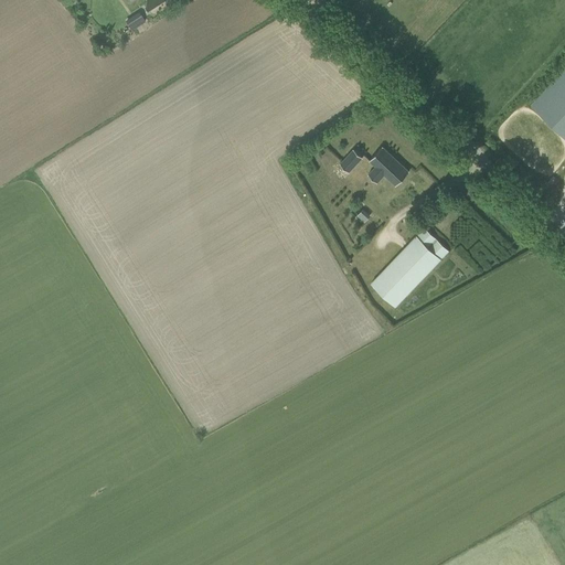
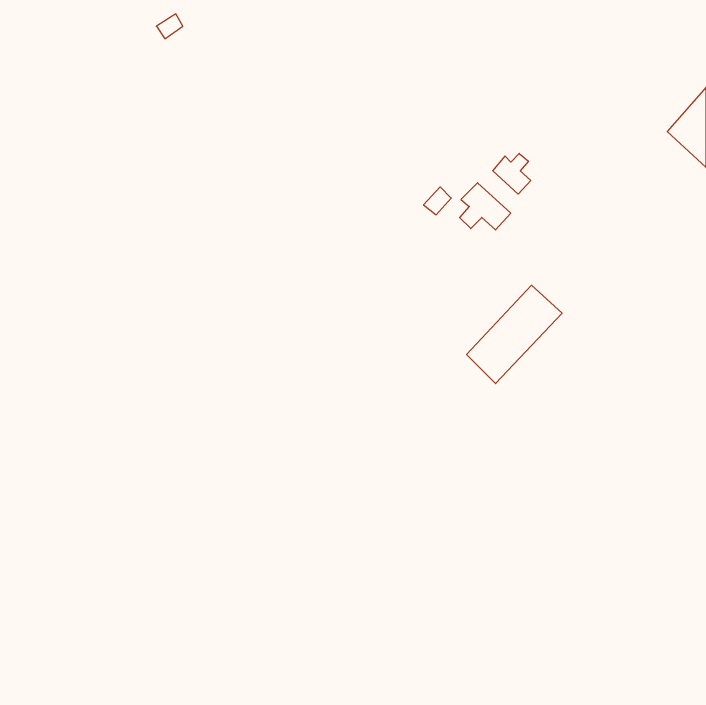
building: none -> [493,153,531,194]

